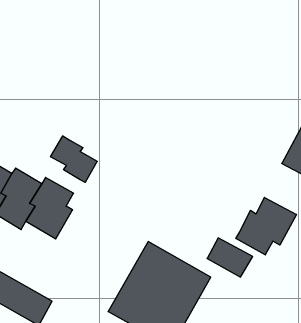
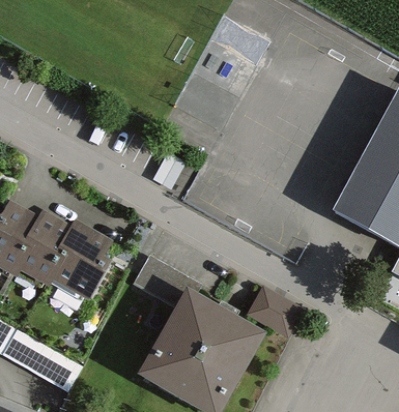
building: [51,136,97,182] -> none
building: [236,197,296,255] -> none
building: none -> [138,257,192,304]

